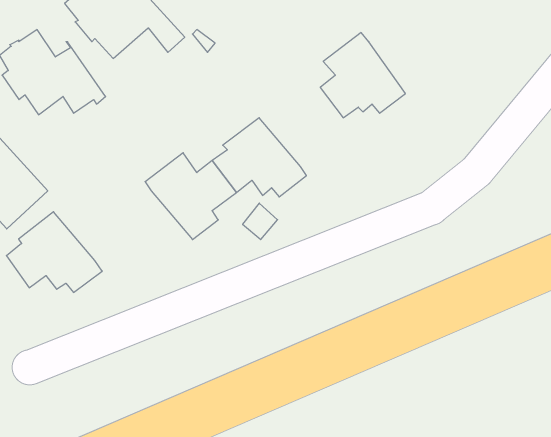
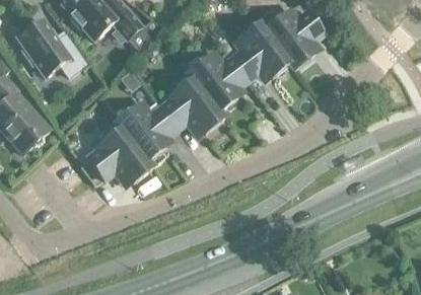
building: none -> [265,10,323,70]
building: none -> [187,53,248,112]
building: [6,212,102,292] -> [88,128,152,181]

